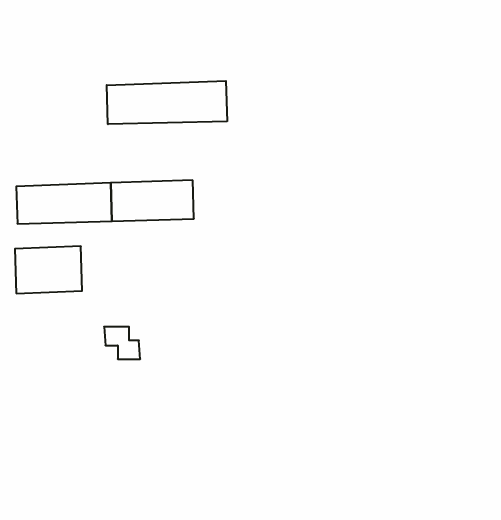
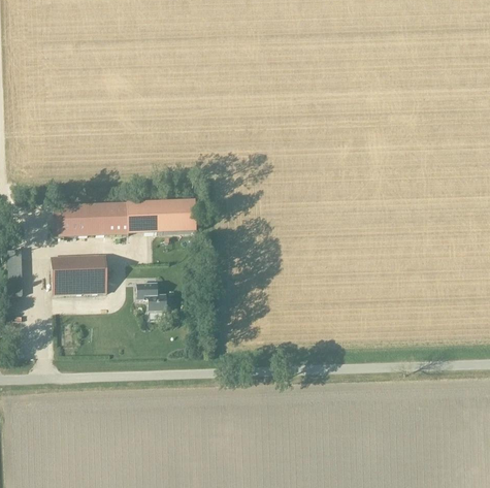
building: [107,81,227,124] -> none
building: [104,327,140,359] -> [137,283,167,310]

